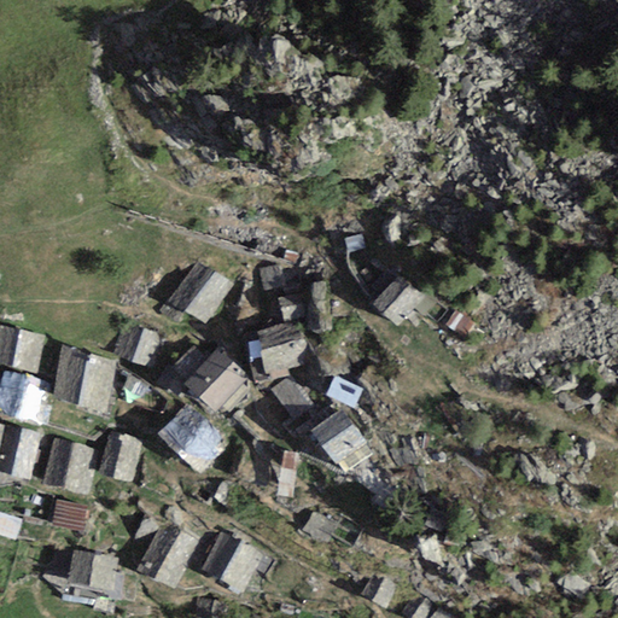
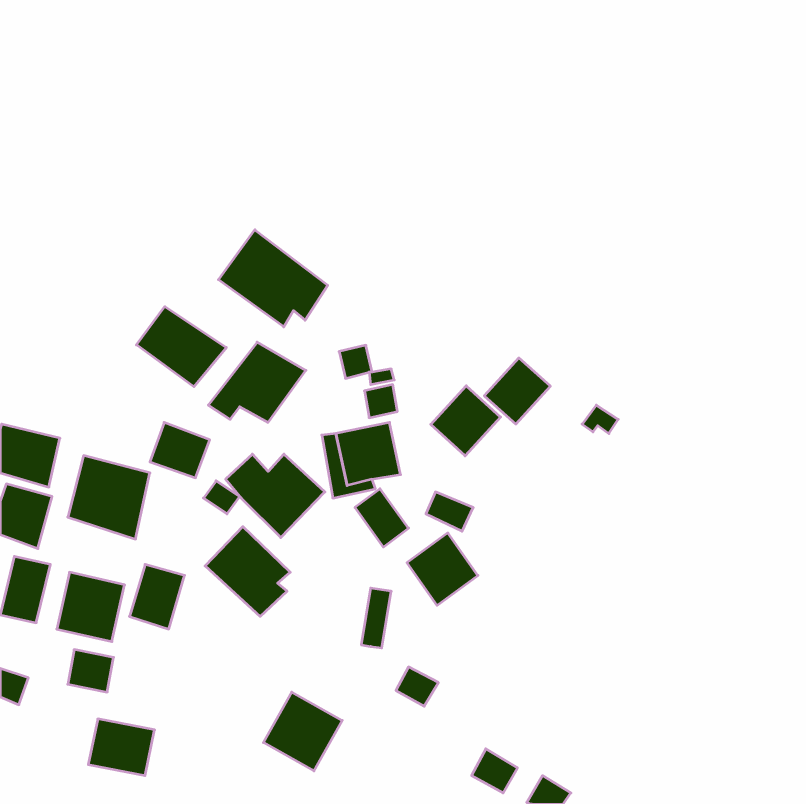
building: none -> [218,230,328,327]
building: none -> [136,307,226,387]
building: none -> [431,386,501,456]
building: [138,523,198,588] -> none

